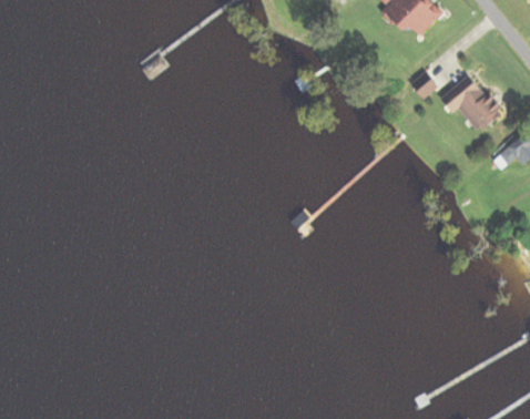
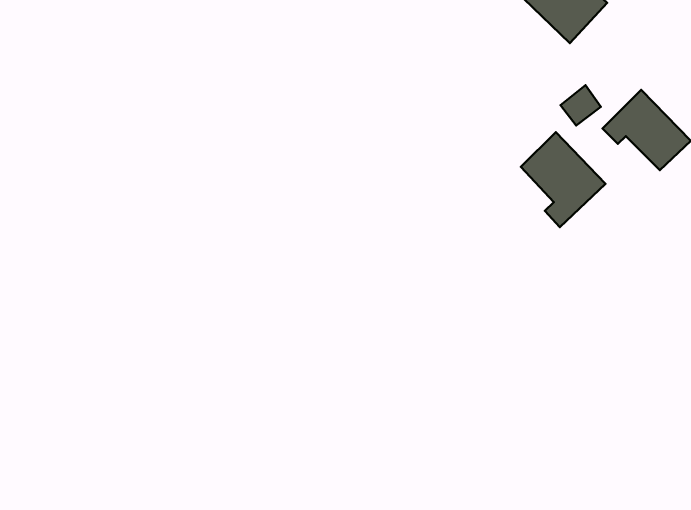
building: none -> [521,132,606,227]

